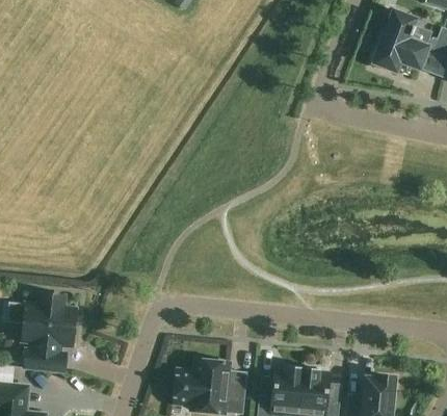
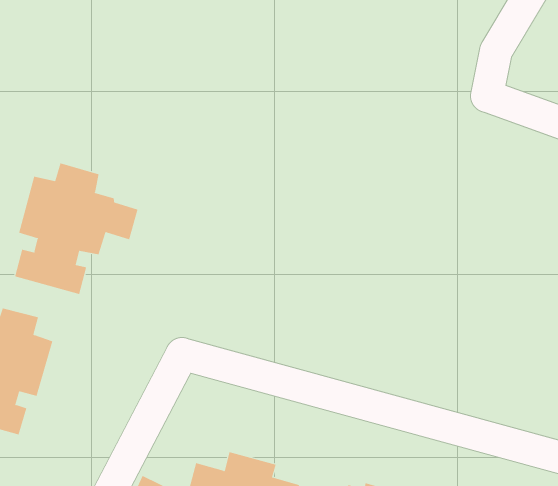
building: none -> [15,162,138,295]

